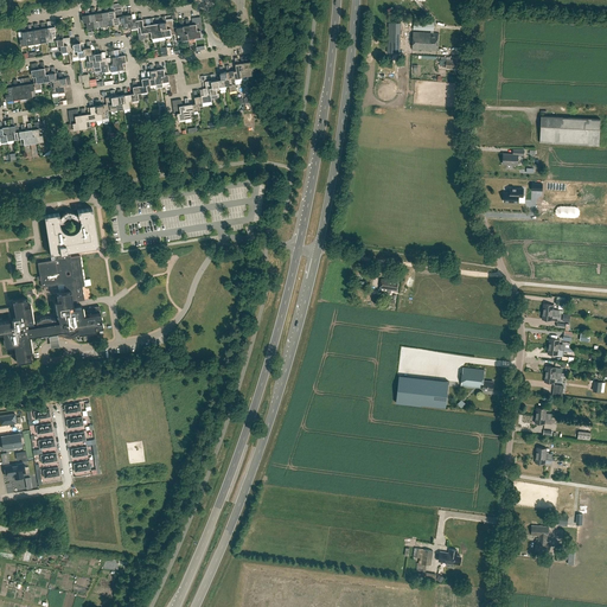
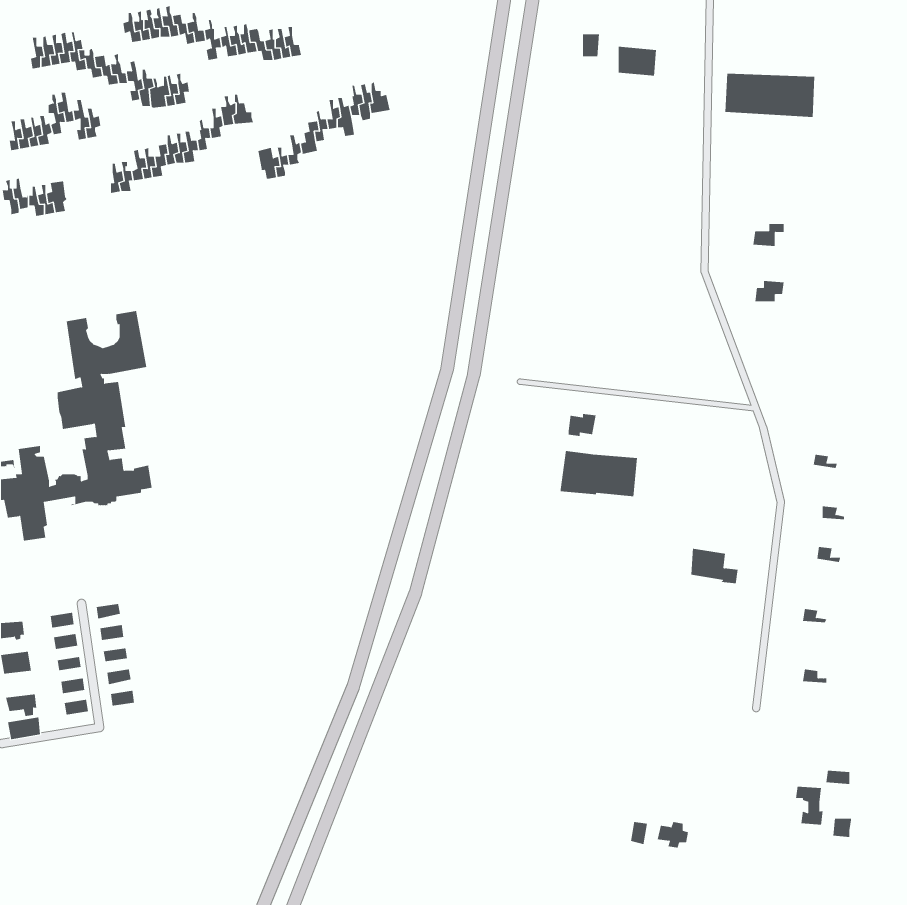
building: [539,117,600,147] -> [725,73,815,117]
building: [396,377,448,408] -> [560,451,638,497]

